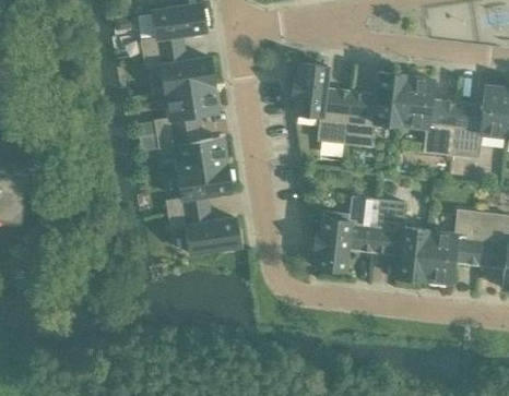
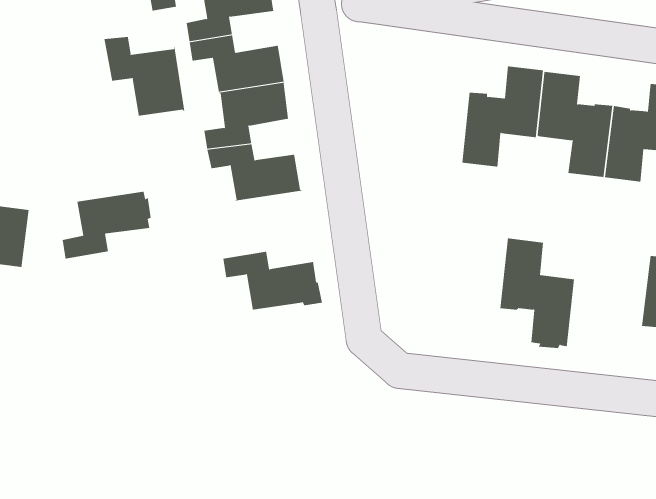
building: none -> [104,36,185,117]
building: [292,63,351,144] -> none
building: [166,165,233,215] -> [62,191,152,259]
building: [315,196,379,272] -> none
building: [424,209,485,283] -> none

